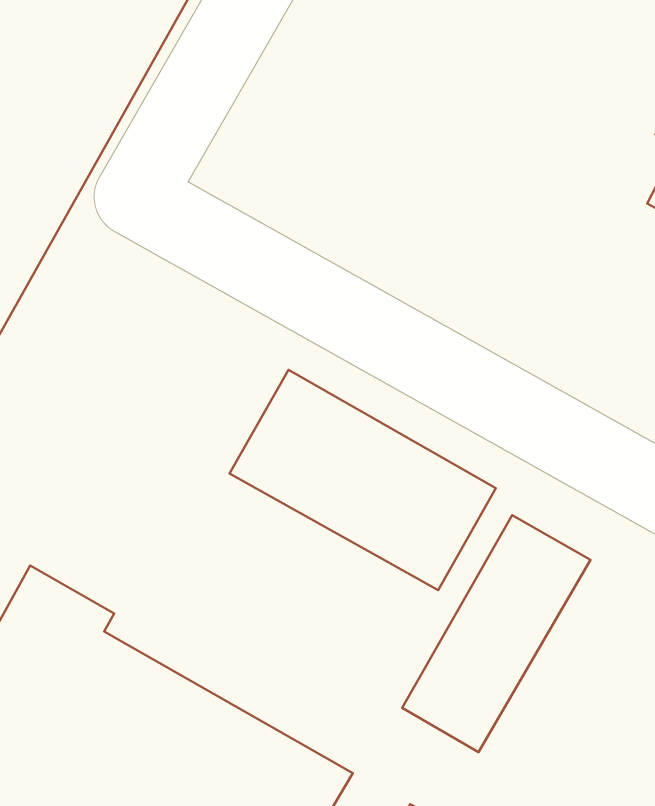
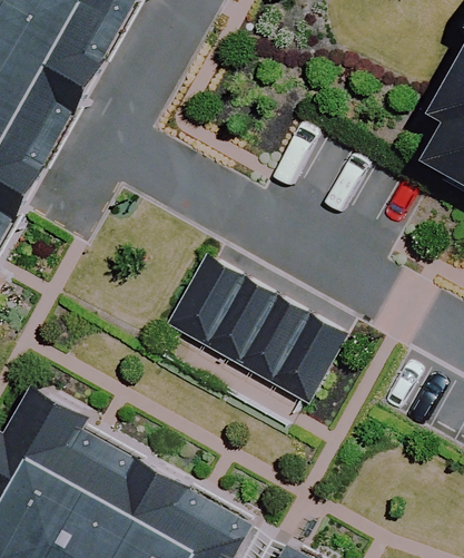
building: [402,515,590,752] -> none

